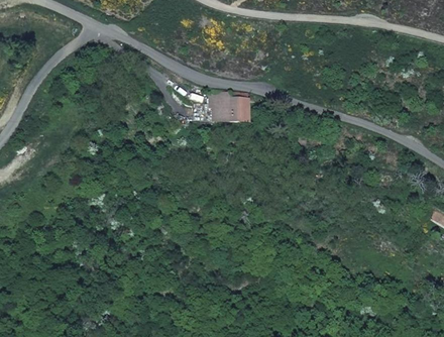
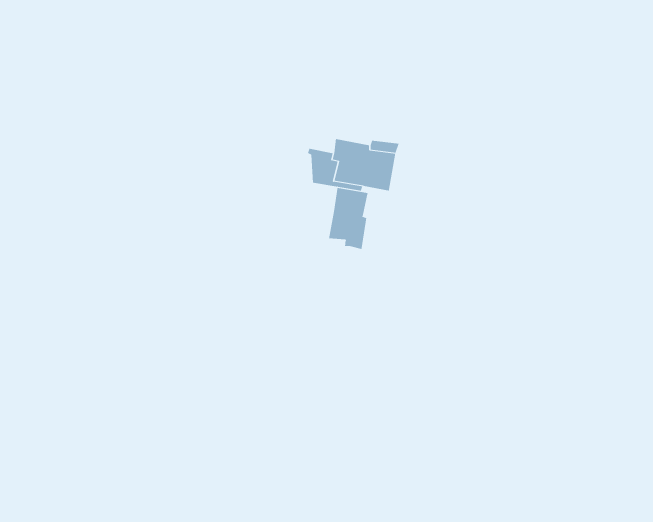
building: none -> [329,187,368,250]

